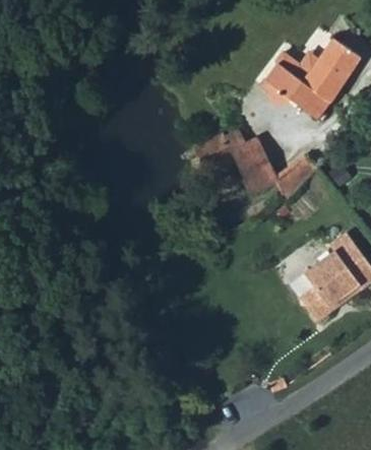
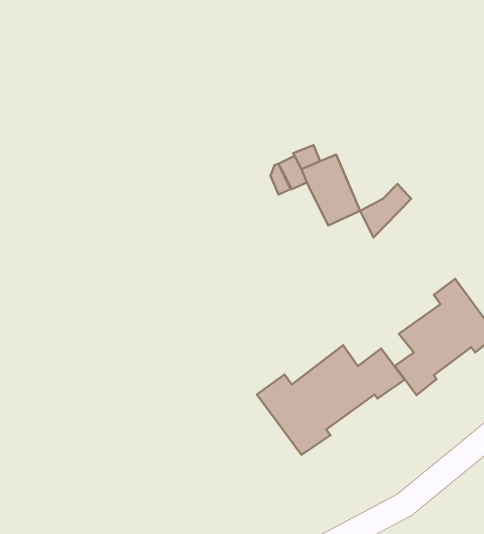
building: [265,39,362,117] -> none
building: none -> [257,345,405,455]

